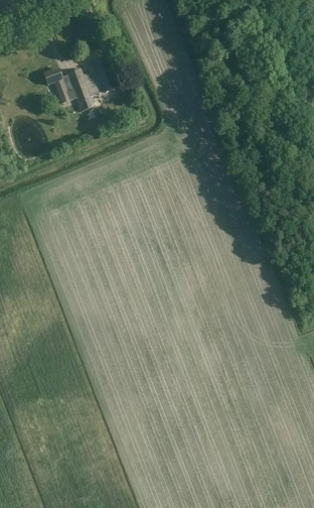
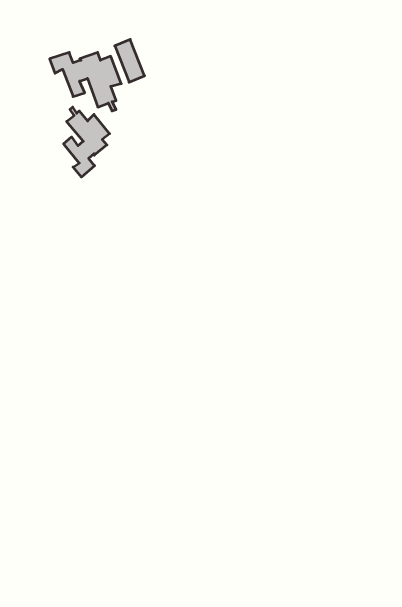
building: none -> [64,107,110,177]

